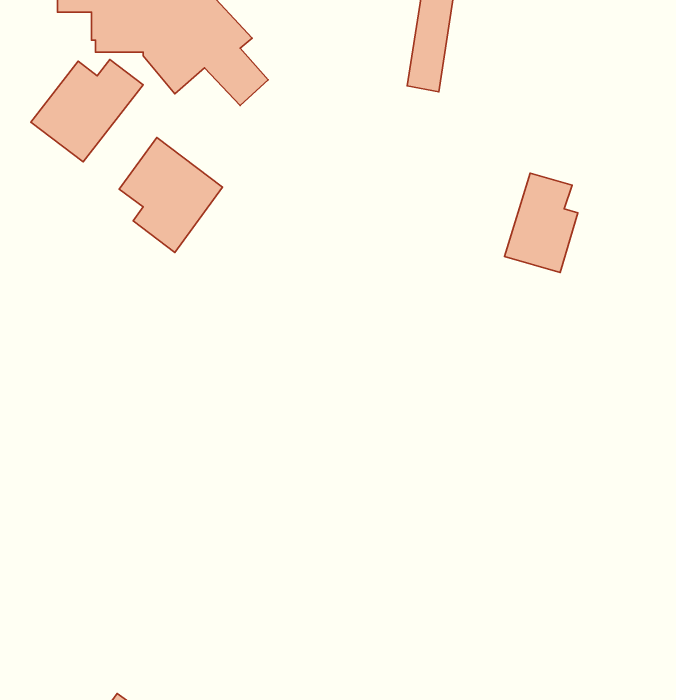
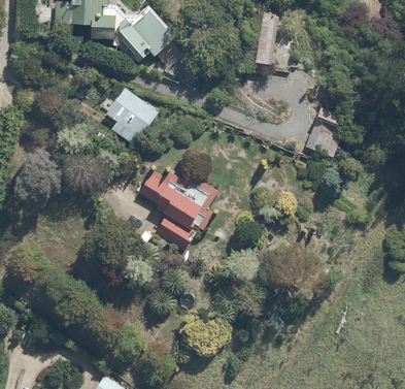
building: [31,60,143,162] -> none
building: none -> [137,168,218,250]

